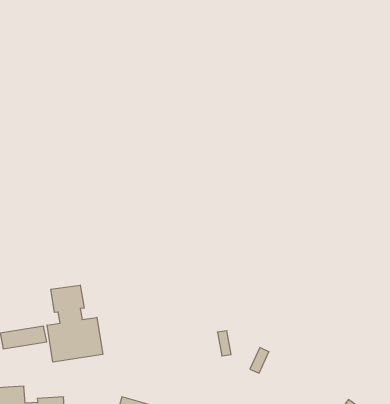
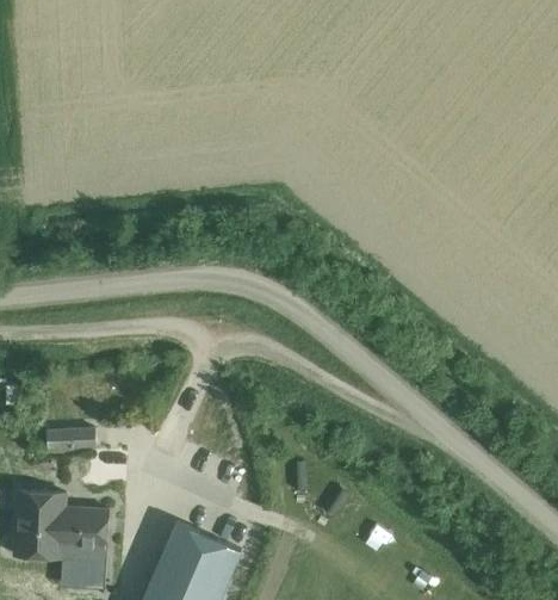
building: [47,285,103,362] -> none

